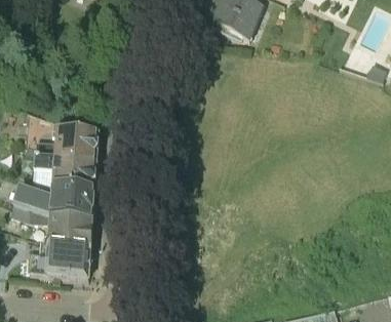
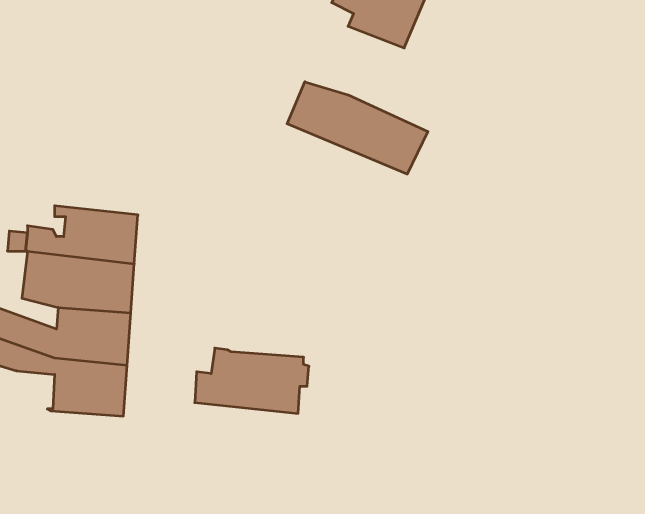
building: none -> [287,82,428,174]
building: [29,242,93,279] -> [195,348,309,413]

